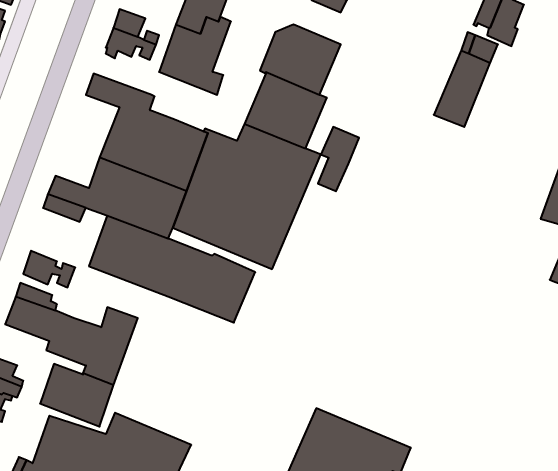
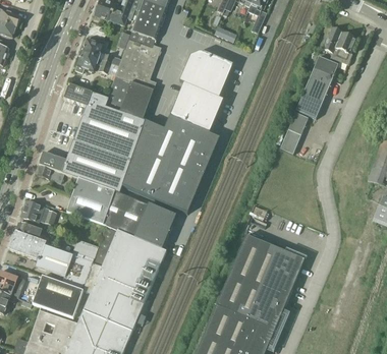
building: none -> [106,81,151,121]
building: [318,127,359,191] -> [280,110,308,153]
building: none -> [82,229,167,330]
building: none -> [217,235,305,332]

